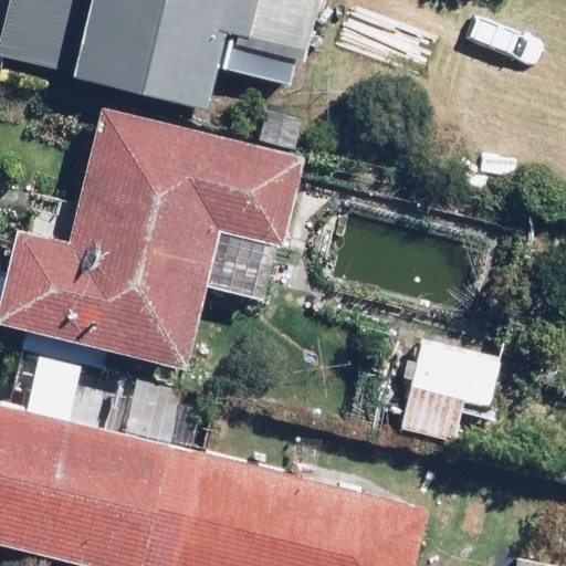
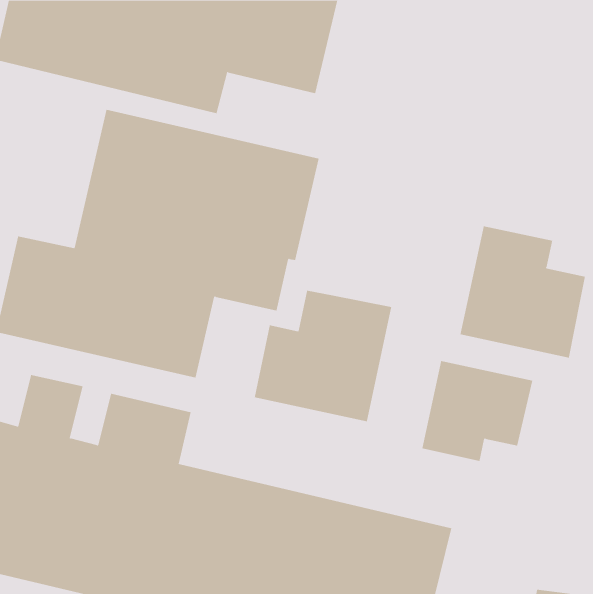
building: none -> [460,225,585,358]
building: none -> [254,290,392,422]

